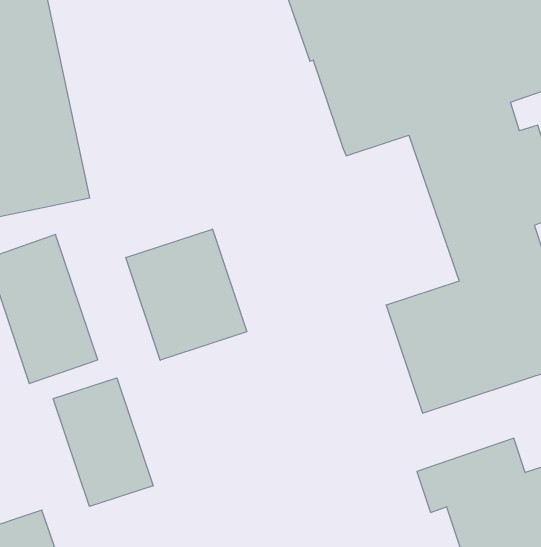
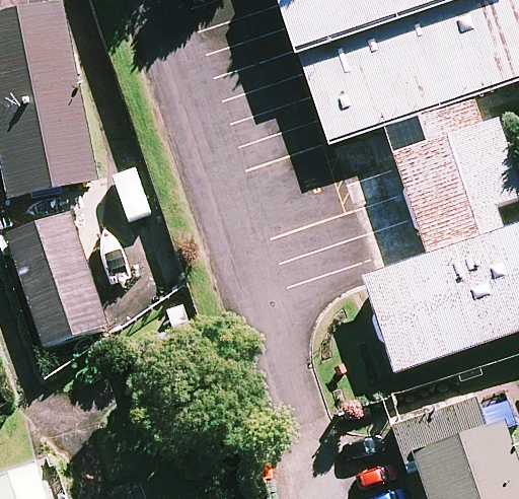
building: [126,229,247,360] -> none
building: [53,378,153,506] -> none

